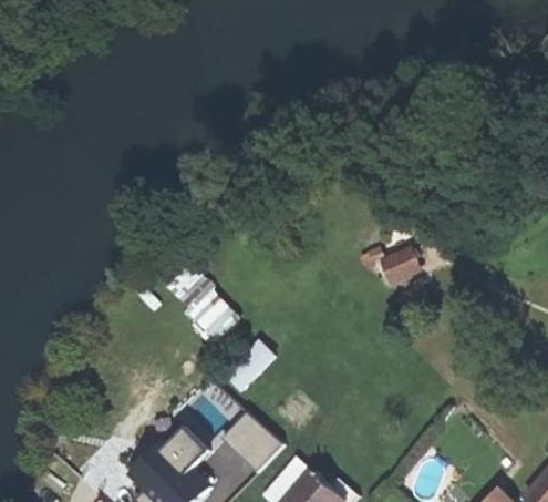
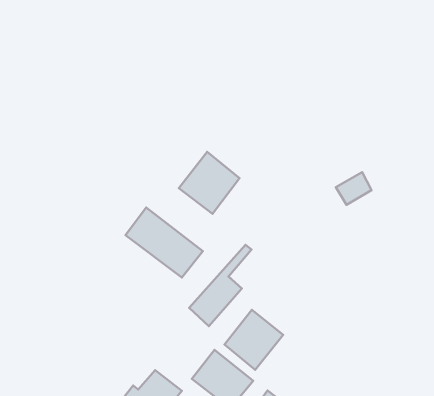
building: none -> [179,152,240,214]
building: none -> [225,310,283,370]

